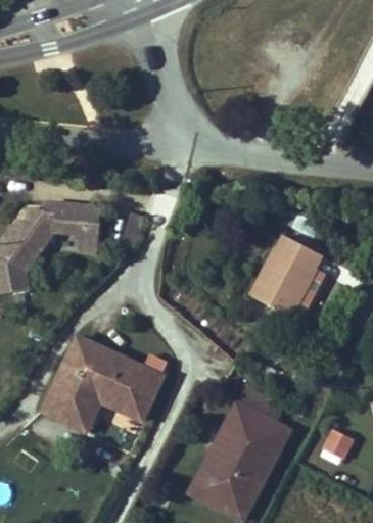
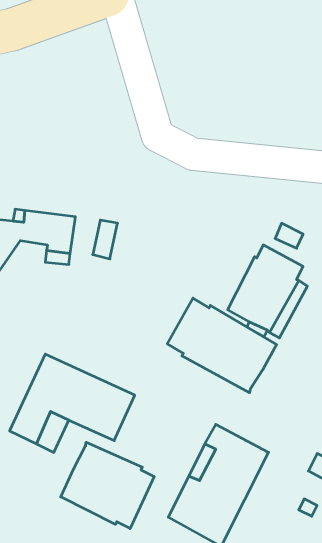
building: none -> [167,298,277,393]
building: none -> [61,442,154,529]

